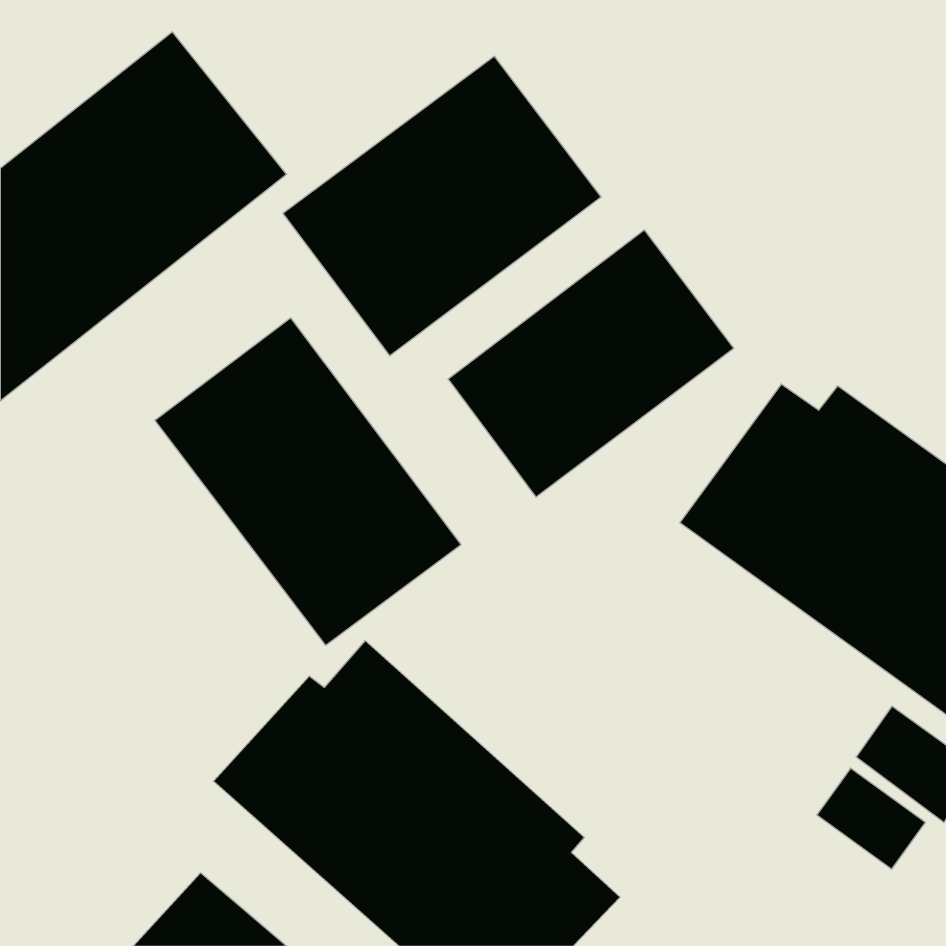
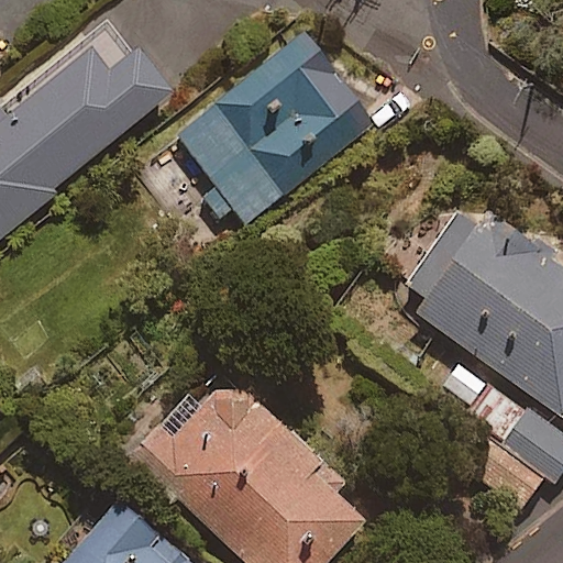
building: [448,230,734,497] -> none
building: [155,318,461,645] -> none

